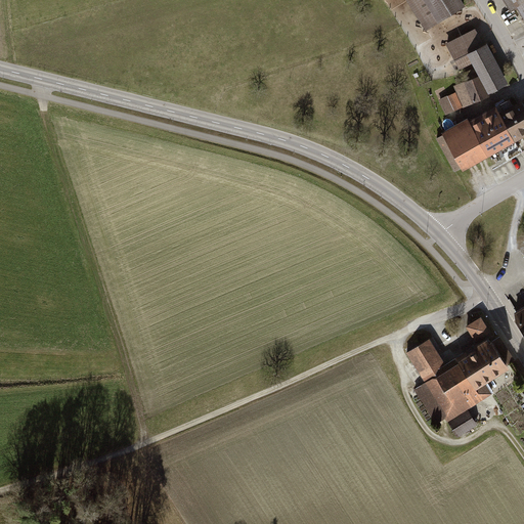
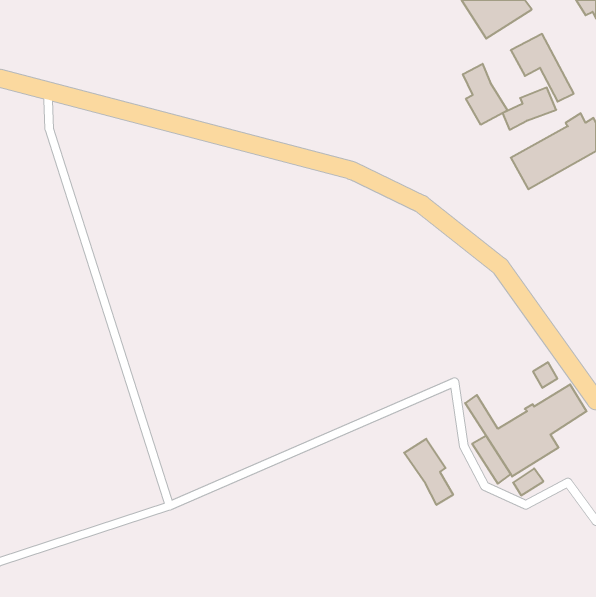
building: none -> [463,64,508,125]
building: [418,339,462,376] -> none
building: none -> [404,439,453,505]

